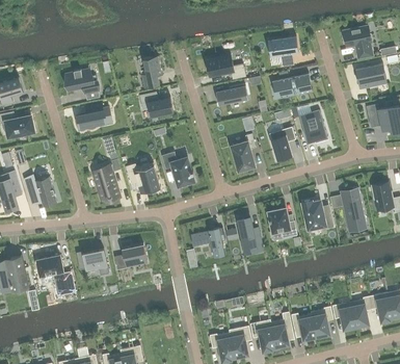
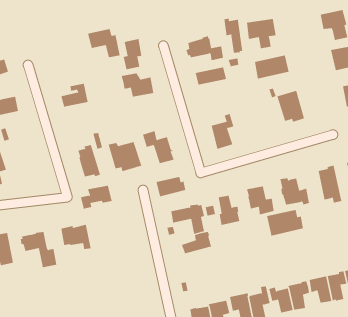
building: none -> [224,18,243,54]
building: [64,70,99,100] -> [87,28,120,58]
building: [268,127,295,160] -> none
building: [25,177,57,207] -> none
building: none -> [156,176,186,197]
building: none -> [266,209,304,237]
building: [113,244,146,269] -> [80,185,112,209]
building: none -> [181,231,212,254]

